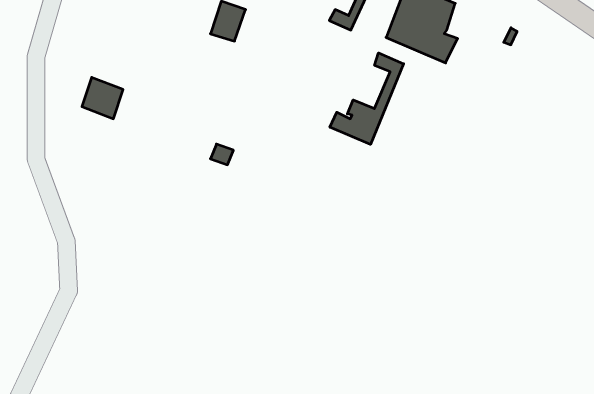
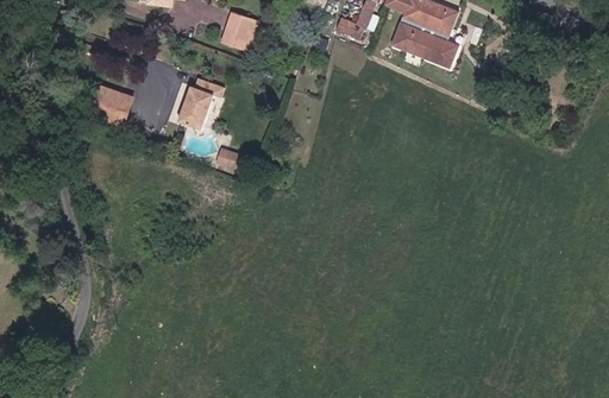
building: [330,53,404,144] -> none
building: none -> [174,77,222,131]

